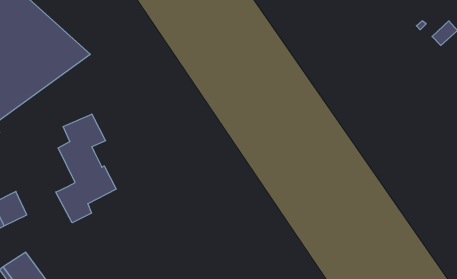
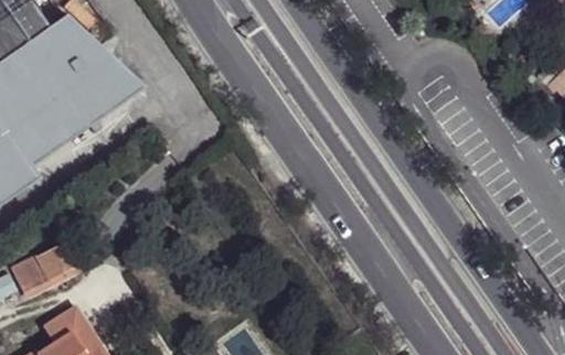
building: [56,114,116,223] -> none

